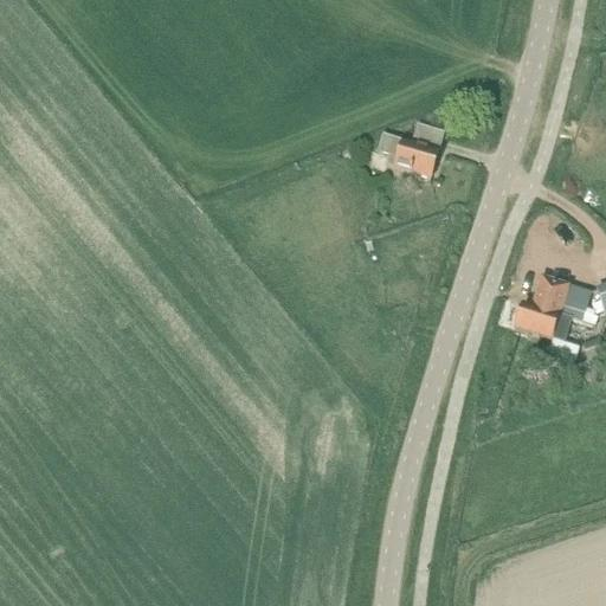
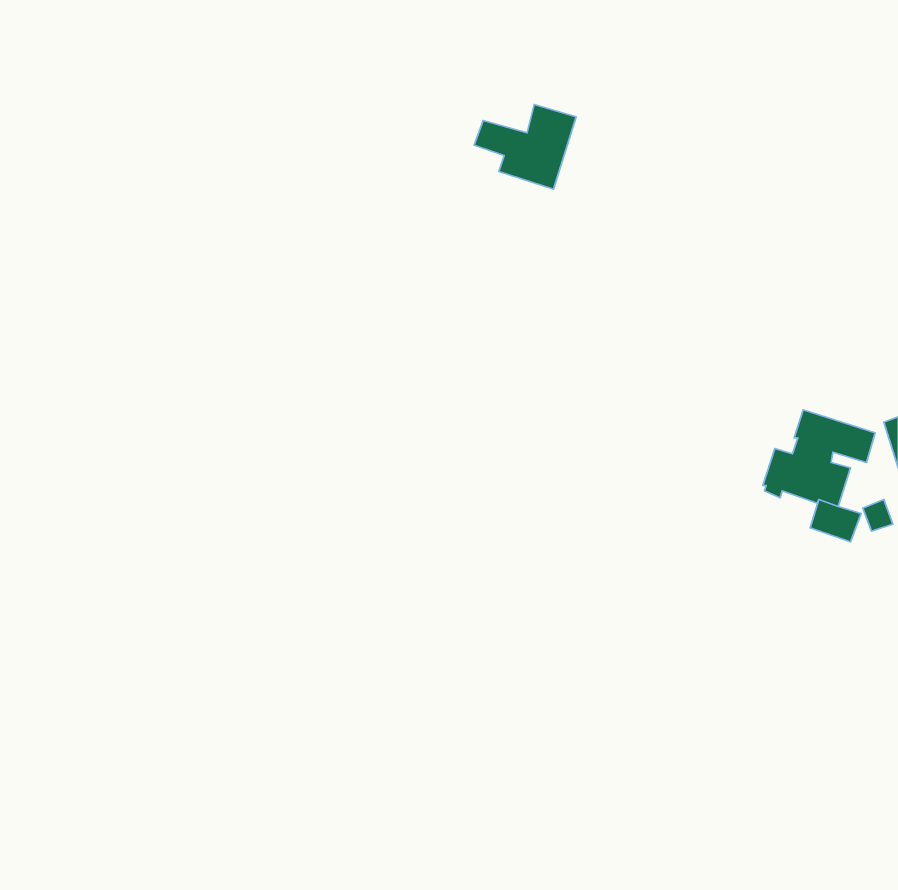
building: [376,121,445,178] -> [474,105,576,189]

